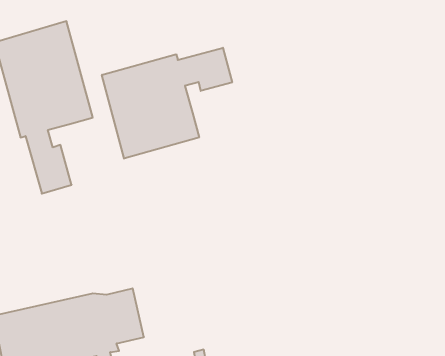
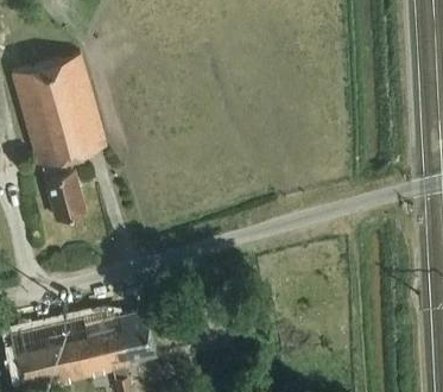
building: [102,48,232,159] -> none

